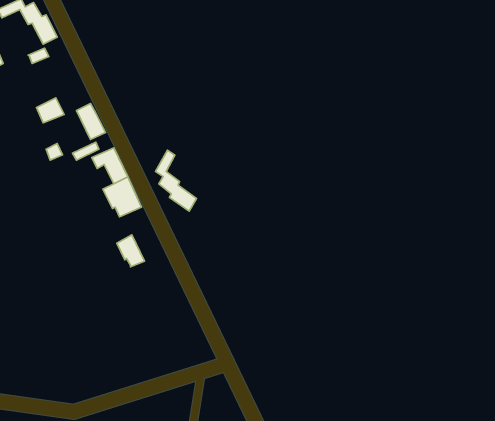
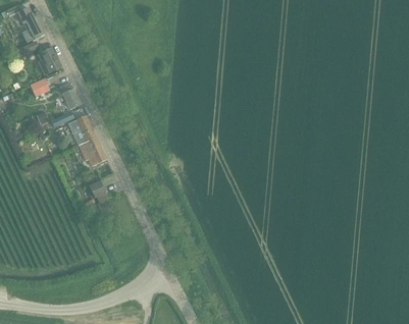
building: none -> [36,47,60,75]
building: [156,150,197,211] -> none

